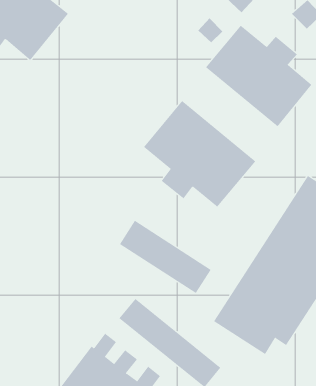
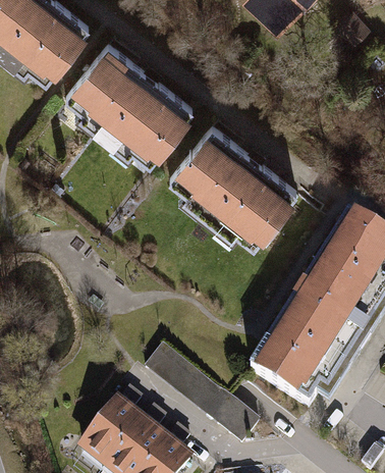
building: [205,25,312,127] -> none
building: none -> [66,40,191,159]
building: [119,220,211,294] -> none

